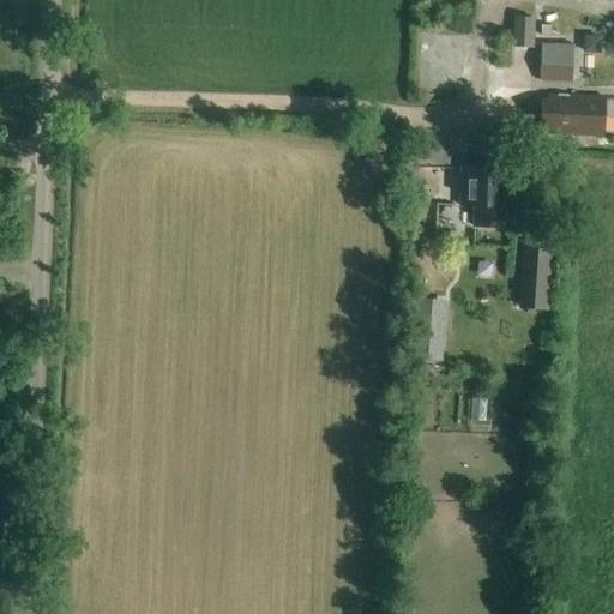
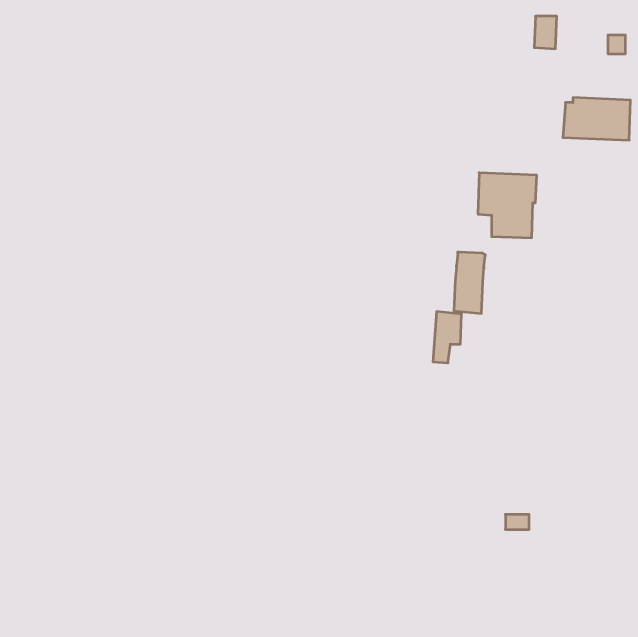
building: [540,43,574,82] -> none
building: [522,248,552,307] -> [454,252,485,313]

